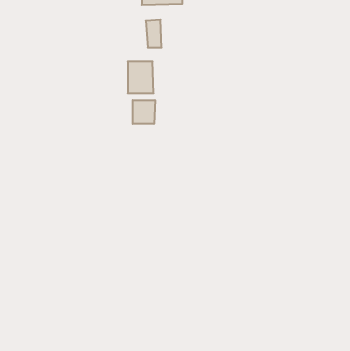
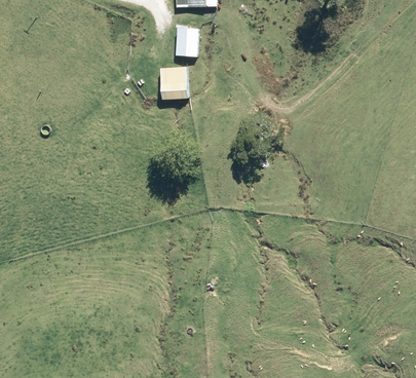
building: [133,100,155,124] -> none

